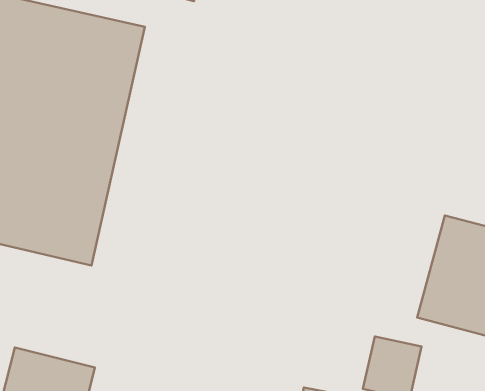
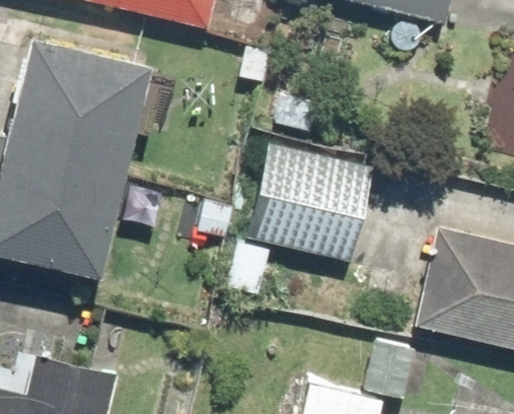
building: none -> [247,138,379,264]

